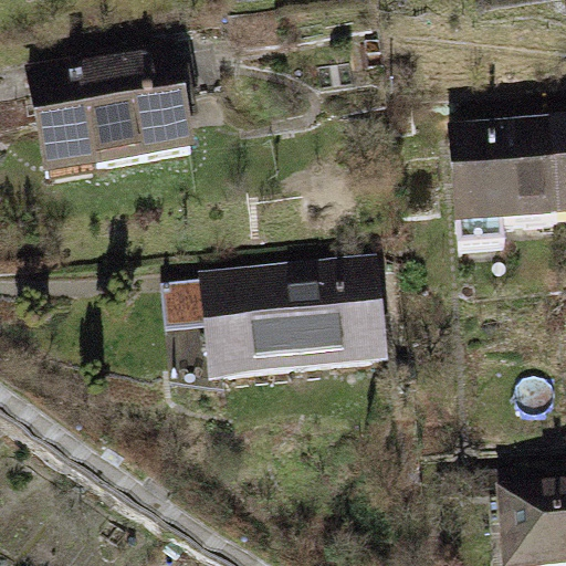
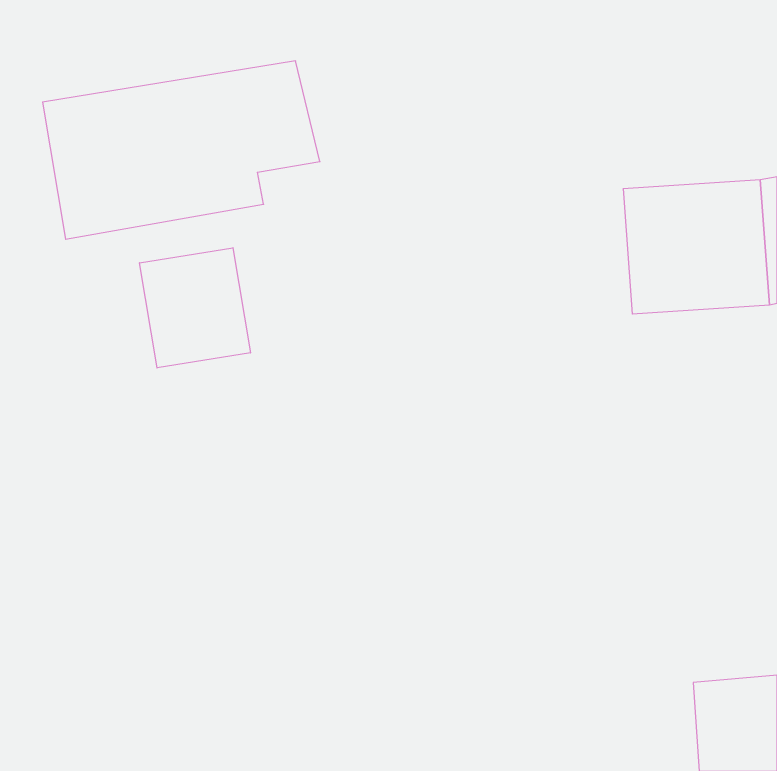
building: none -> [140,248,250,368]
building: [206,265,384,375] -> none

